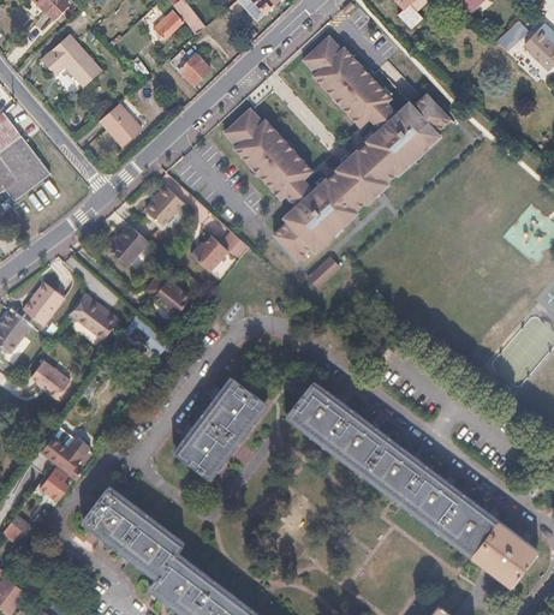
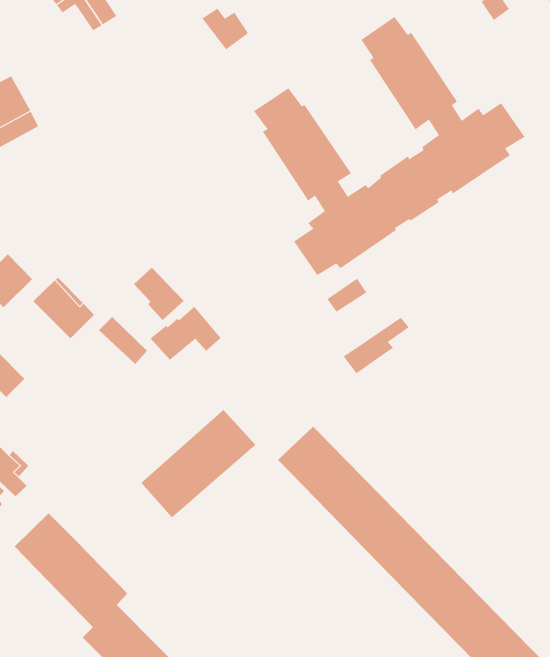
building: [99,102,142,147] -> none
building: [145,185,184,226] -> none
building: [191,223,250,271] -> [150,306,222,360]
building: [106,226,149,265] -> none
building: none -> [343,317,410,374]

